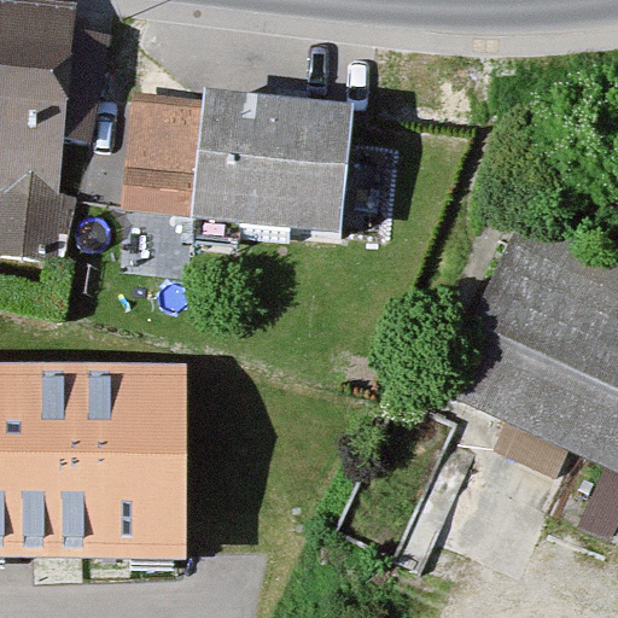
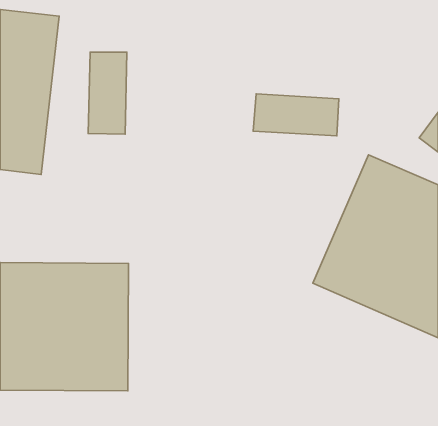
building: [196,91,348,237] -> none
building: none -> [253,94,339,136]

